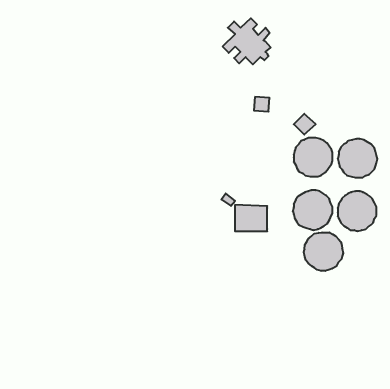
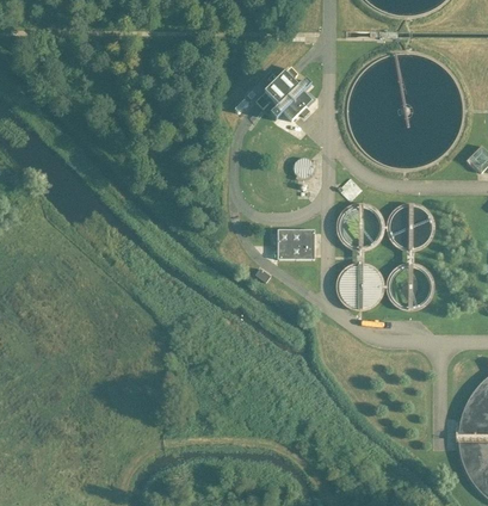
building: [235,205,267,231] -> [277,228,314,258]
building: [304,232,343,271] -> none

